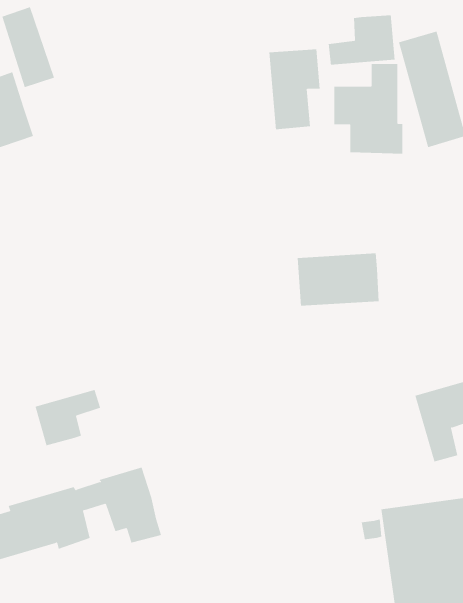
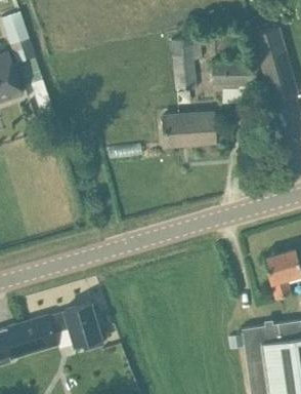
building: [328,14,395,65] -> none
building: [297,253,380,306] -> [163,112,215,146]
building: [35,389,101,446] -> none

